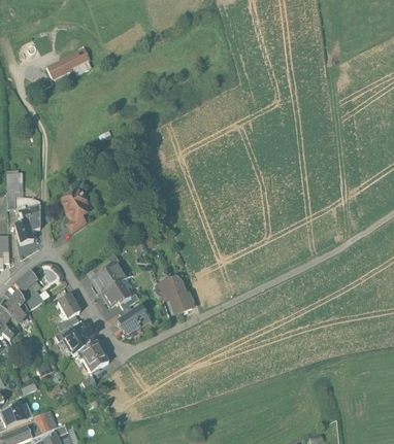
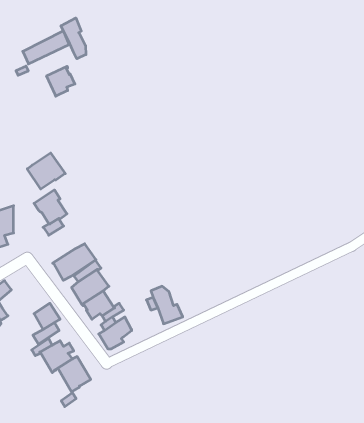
building: none -> [61,18,86,59]
building: none -> [47,66,75,96]
building: none -> [27,153,65,189]
building: none -> [53,244,96,280]

